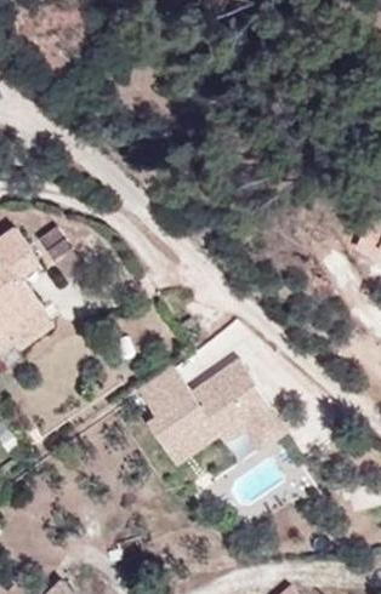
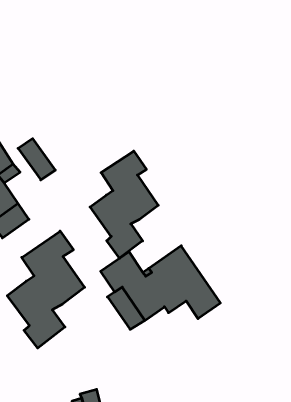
building: none -> [90,151,158,258]
building: none -> [7,231,85,348]

